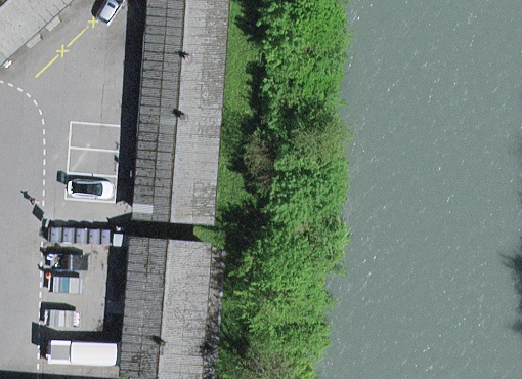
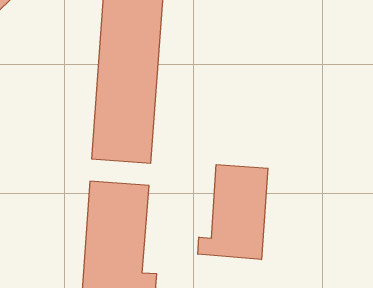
building: none -> [198,165,268,260]

